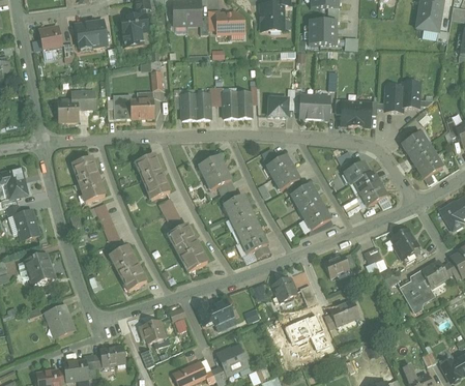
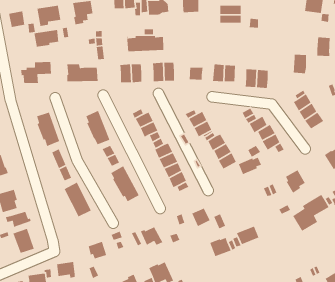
building: none -> [34,29,59,48]
building: none -> [126,34,164,52]
building: [385,86,403,112] -> [317,37,330,57]
building: [324,254,355,277] -> [238,156,262,175]
building: none -> [5,211,32,228]

